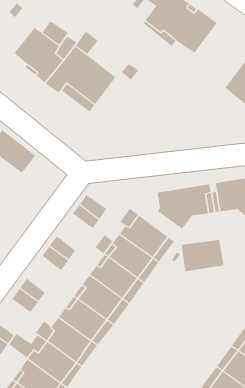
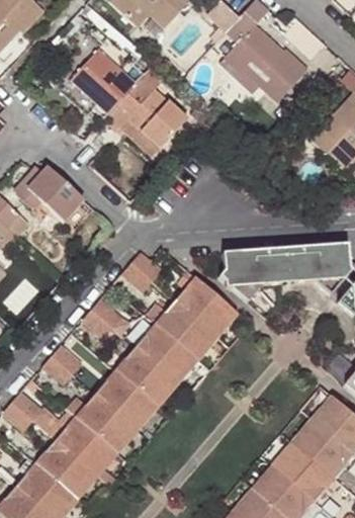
building: [181,239,224,272] -> none

